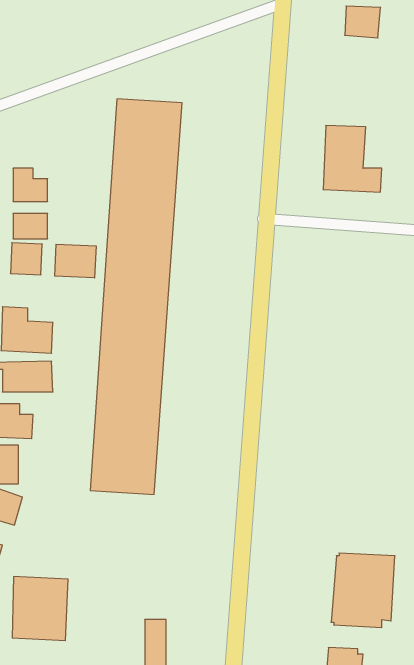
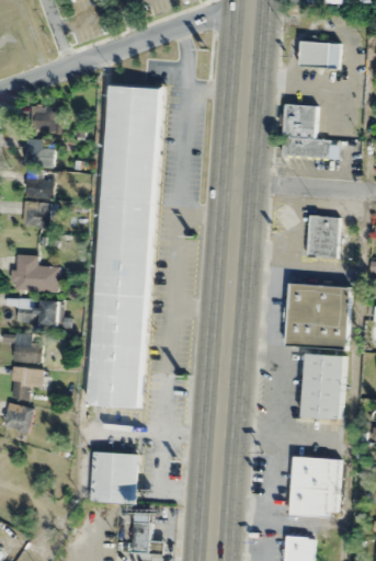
building: [345,6,381,38] -> [299,41,329,67]
building: none -> [31,106,62,131]
building: [55,244,96,278] -> none
building: none -> [307,215,339,257]
building: none -> [283,283,350,350]
building: none -> [303,353,345,420]
building: [12,577,68,641] -> [92,450,138,503]

